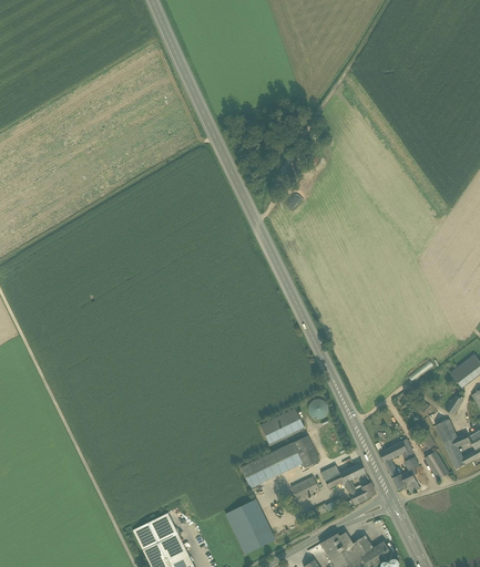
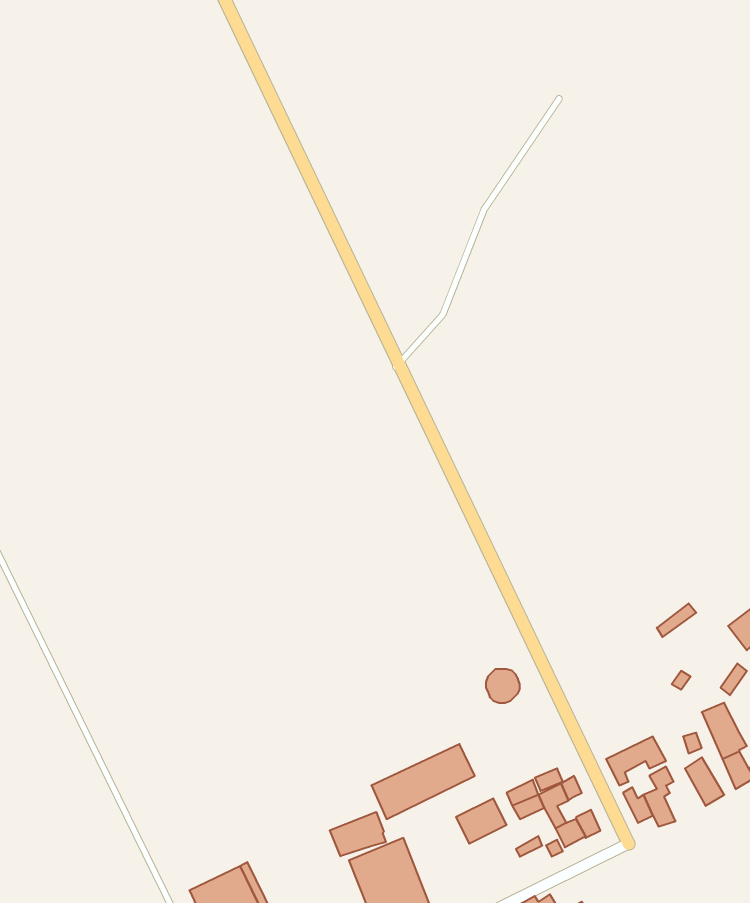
building: [259,409,303,445] -> none
building: [292,435,318,467] -> none
building: none -> [330,812,386,856]

